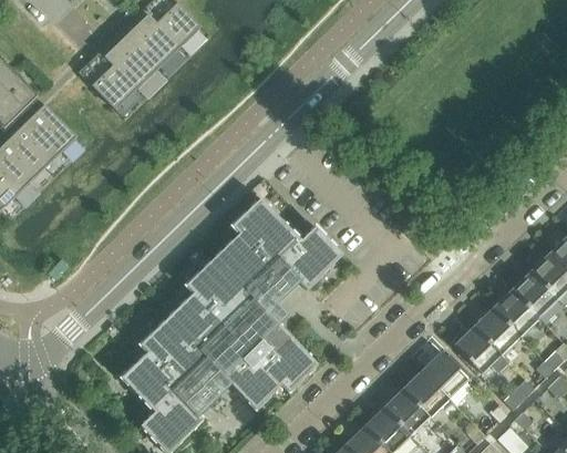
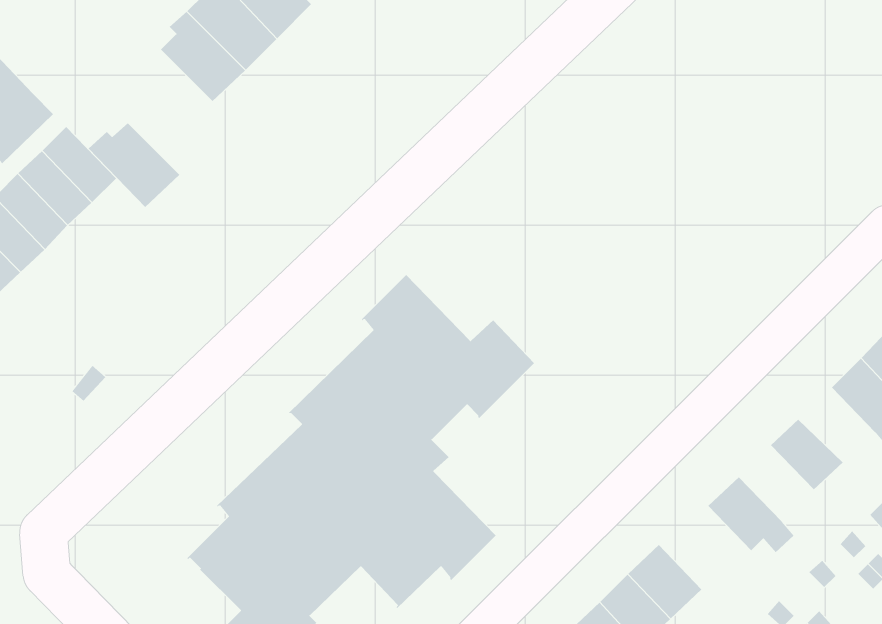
building: [79,55,137,110] -> [88,122,180,208]
building: [509,270,558,318] -> none
building: [472,307,519,356] -> none
building: [421,352,467,399] -> none

